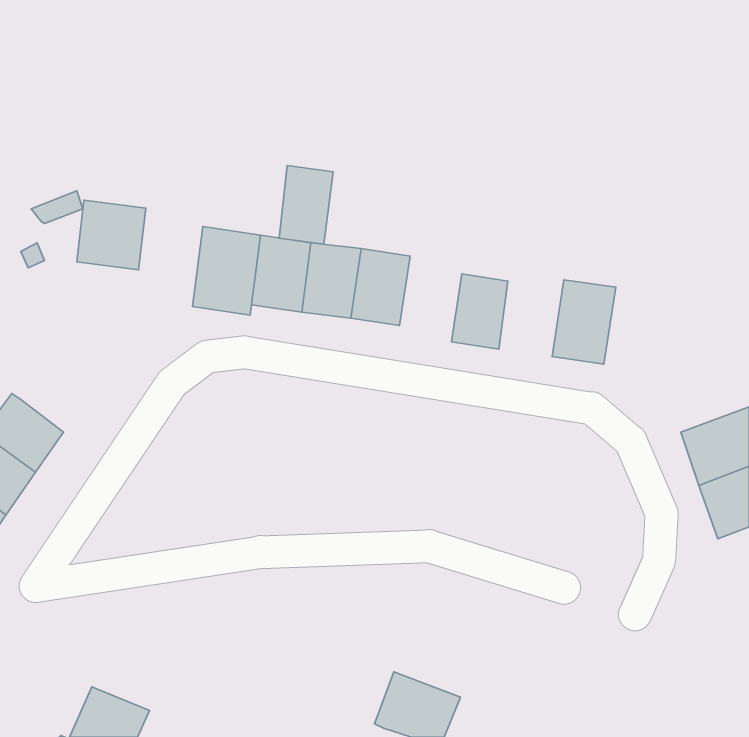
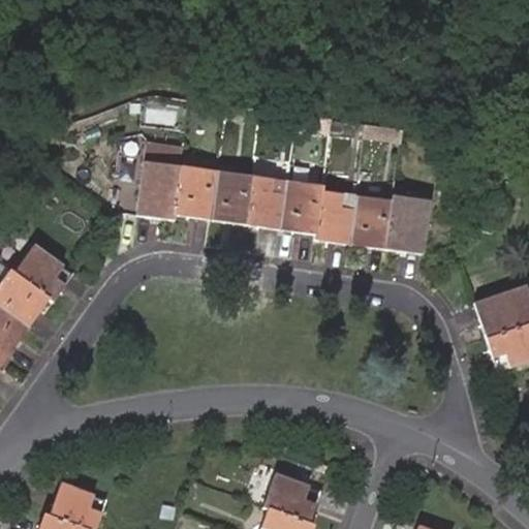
building: [279,165,333,244] -> none
building: [77,200,146,270] -> none
building: none -> [279,179,323,232]
building: none -> [348,196,393,249]
building: none -> [14,248,75,307]

